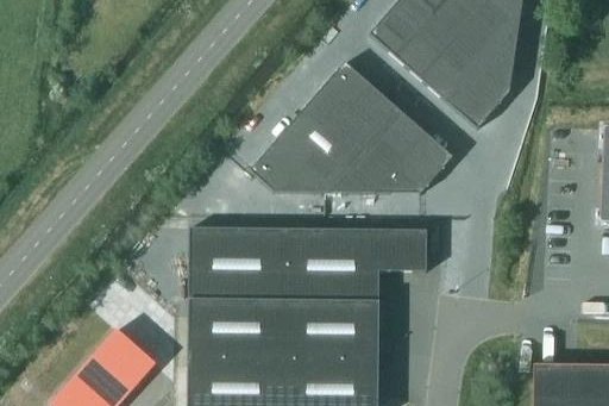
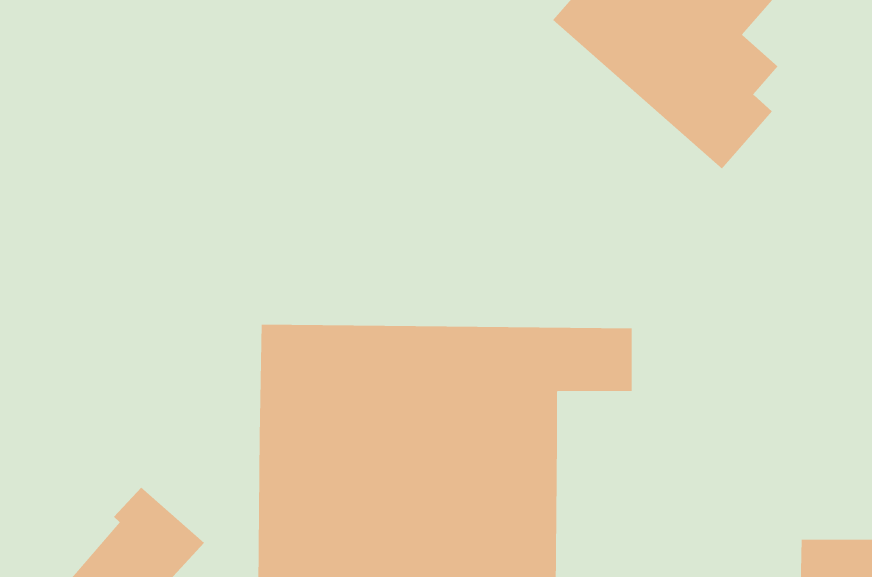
building: [253,62,457,194] -> none

